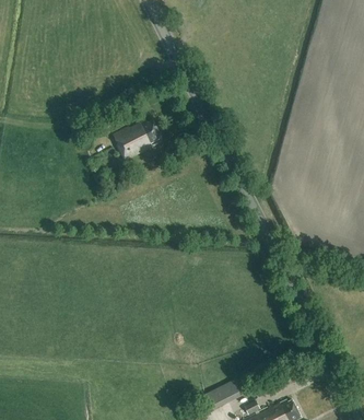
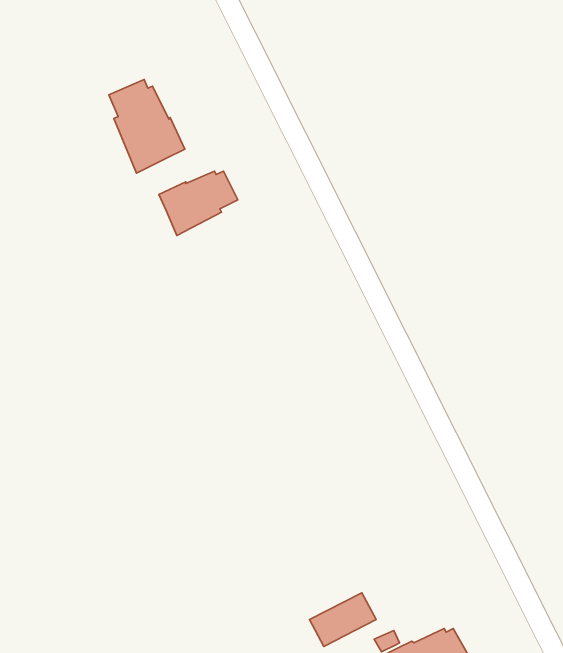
building: none -> [109,80,185,173]

